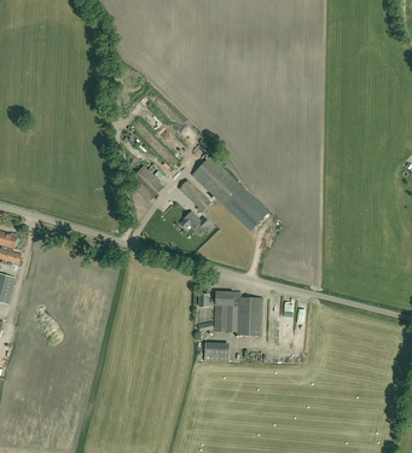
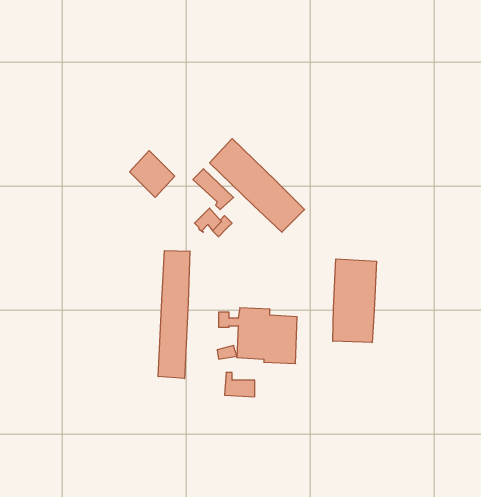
building: none -> [158,251,190,379]
building: none -> [333,259,376,343]

